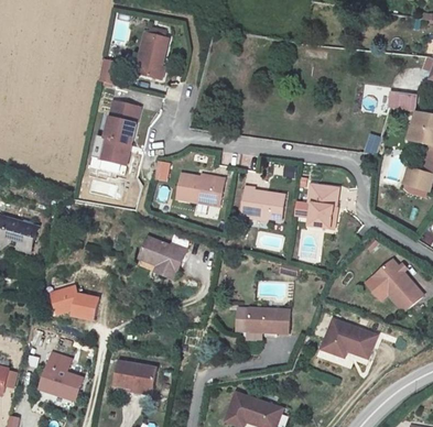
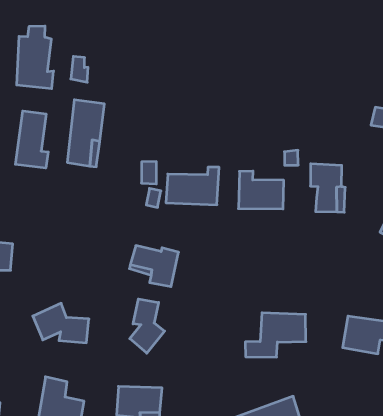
building: [137,30,172,87] -> [17,26,54,89]
building: none -> [15,111,48,168]
building: none -> [130,299,165,353]

